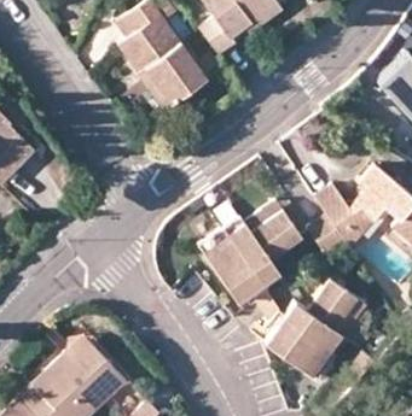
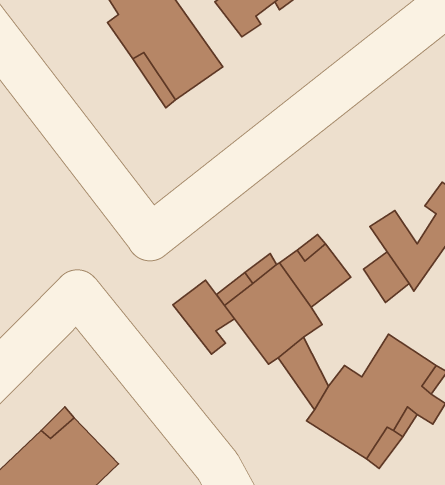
building: none -> [173,280,234,354]

